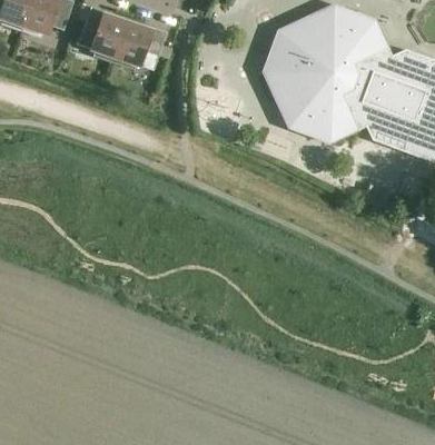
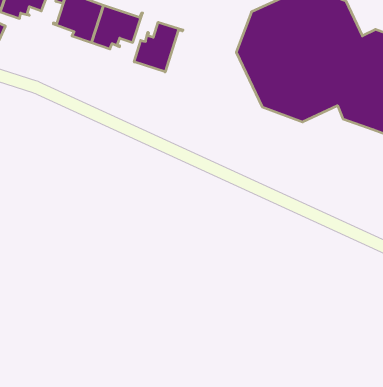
building: none -> [134,22,183,72]

